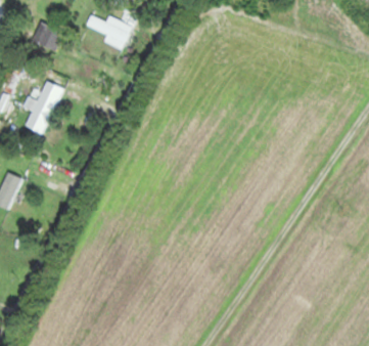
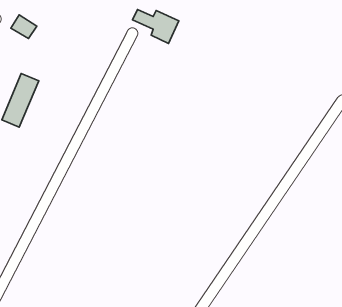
building: [86,15,132,49] -> [132,9,179,43]

